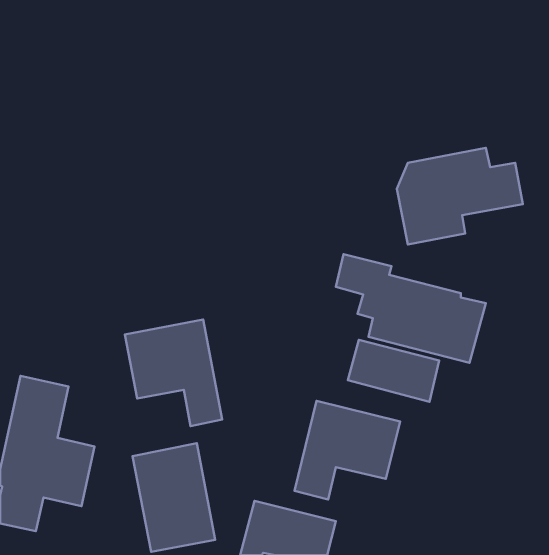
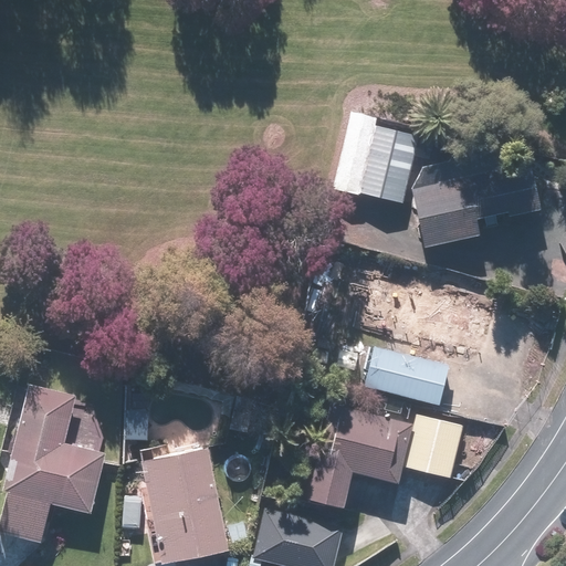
building: none -> [335,113,420,206]
building: [125,320,222,426] -> none
building: none -> [409,413,467,479]

